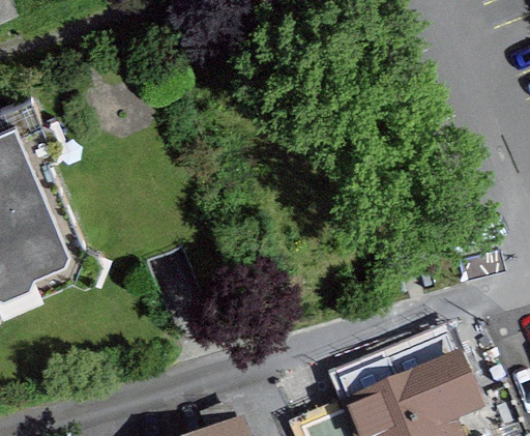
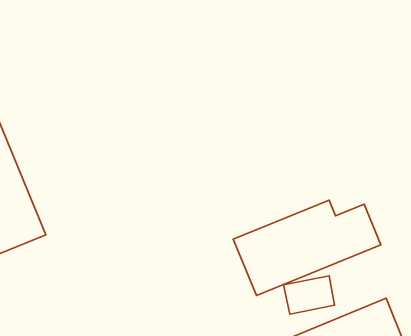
building: none -> [233,200,381,295]

